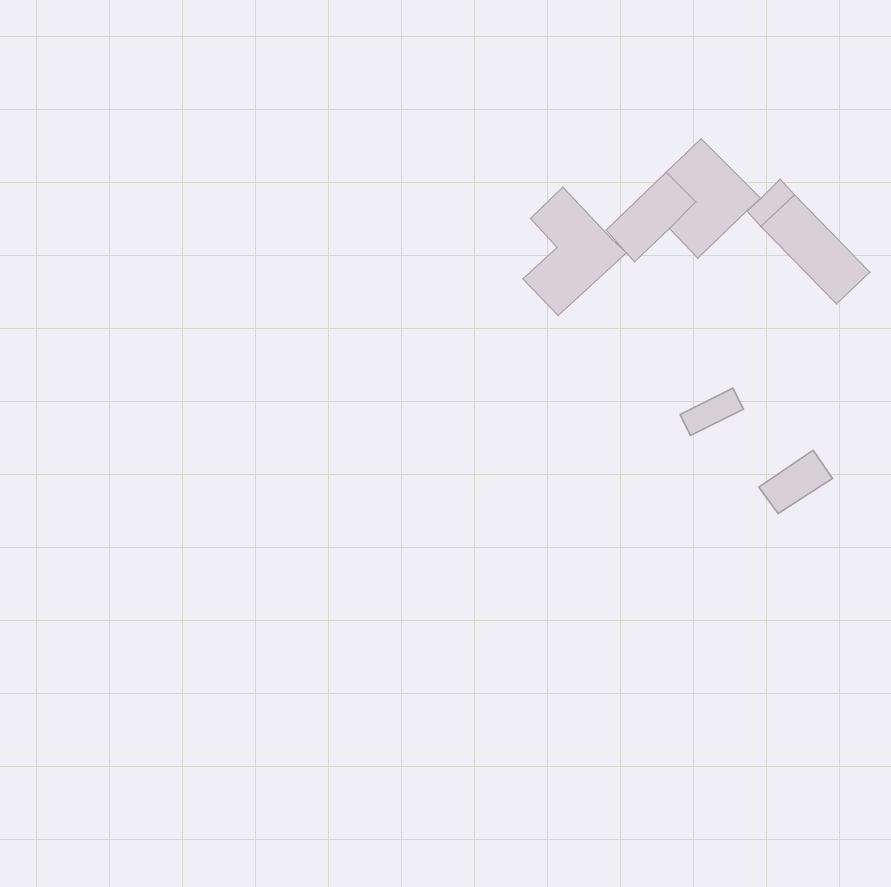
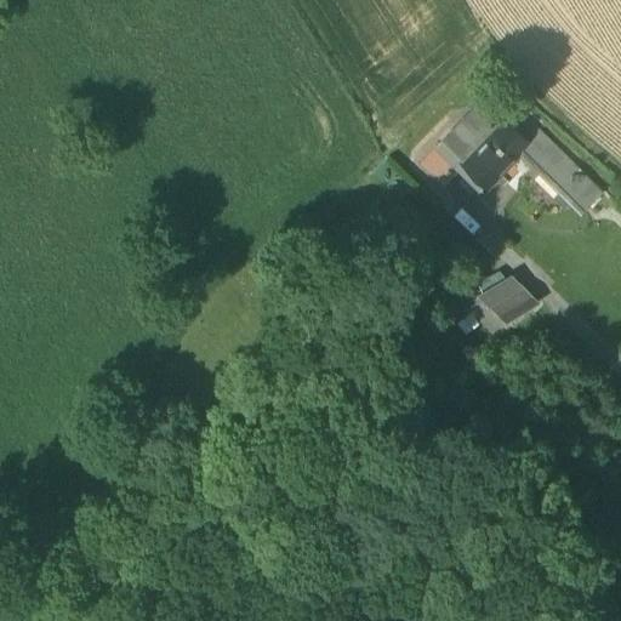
building: [523,187,627,316] -> none
building: [759,450,833,513] -> [484,287,535,331]

